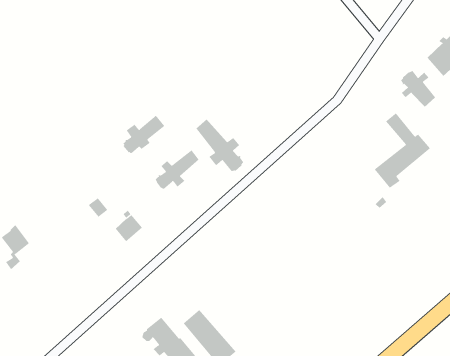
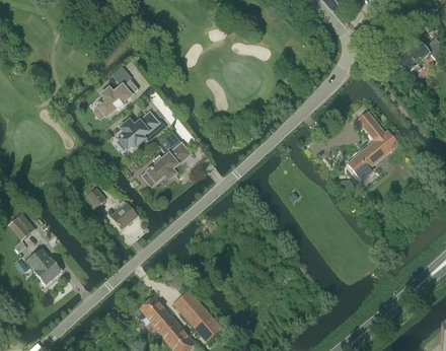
building: [400,70,436,107] -> none
building: none -> [97,78,138,115]
building: [196,118,244,172] -> none
building: none -> [26,248,62,284]

